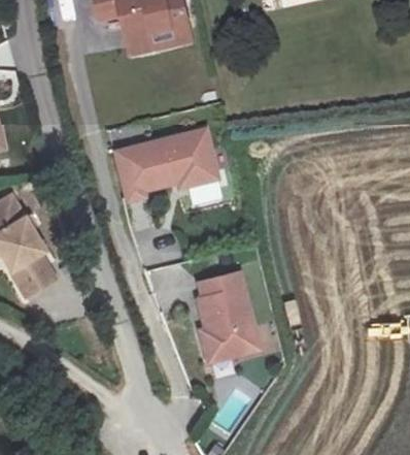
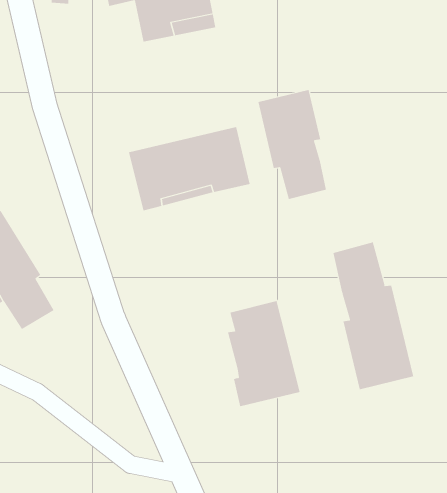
building: none -> [258,89,326,200]
building: none -> [333,242,414,390]

